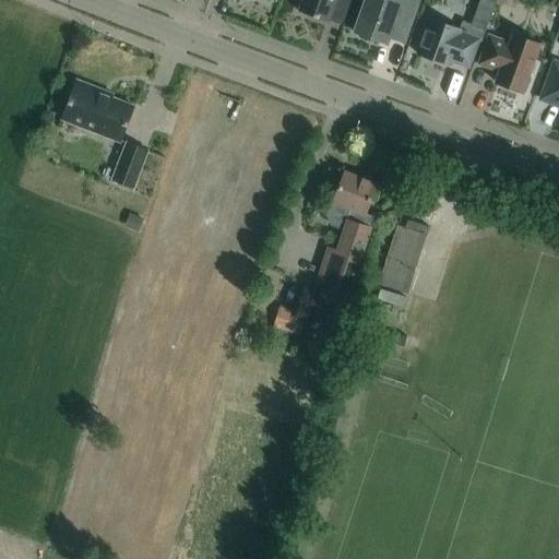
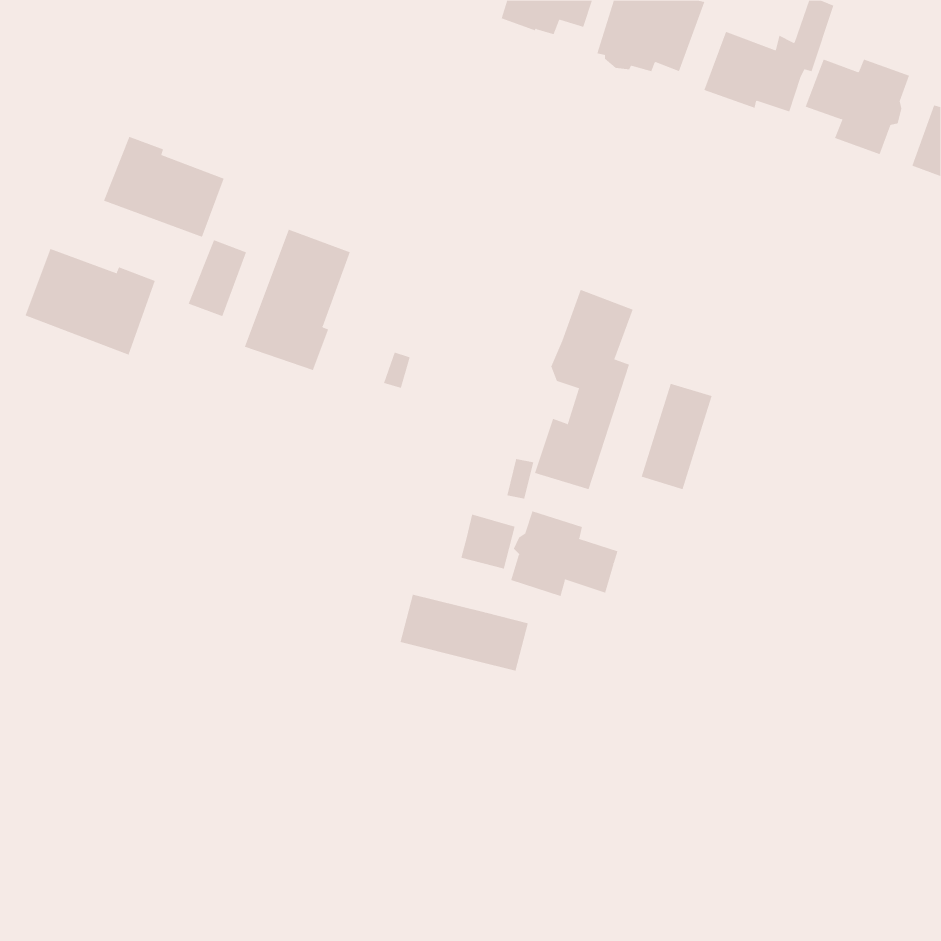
building: none -> [244,229,351,371]
building: none -> [25,248,155,356]
building: none -> [511,510,618,597]
building: none -> [400,594,529,671]

